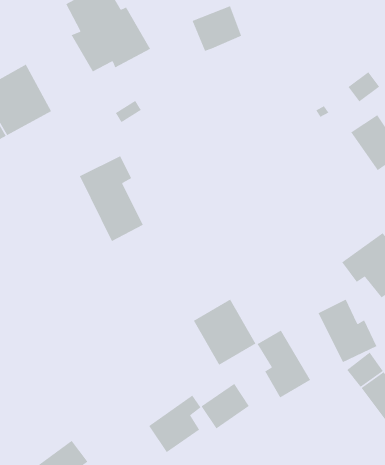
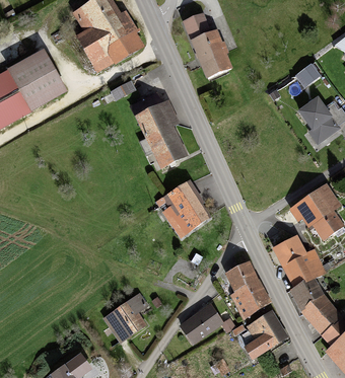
building: none -> [190,34,229,82]
building: [79,155,144,242] -> [134,106,185,174]
building: [193,298,256,366] -> [158,181,208,234]
building: none -> [245,312,284,356]
building: [148,395,202,453] -> [106,297,147,343]

